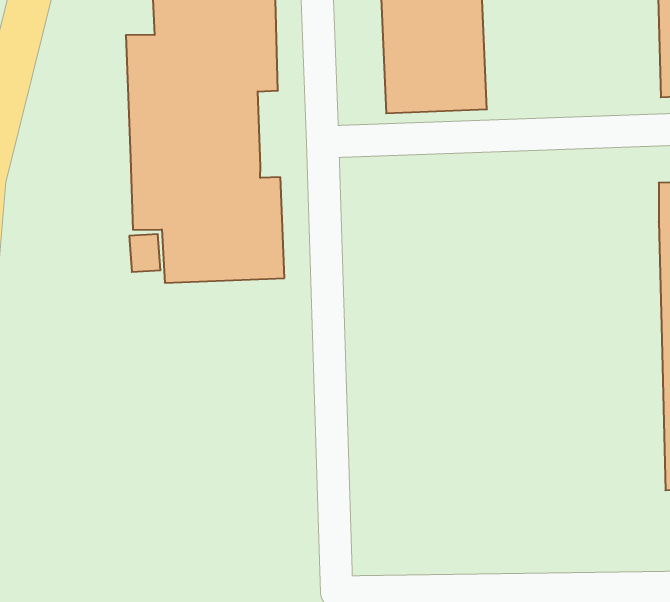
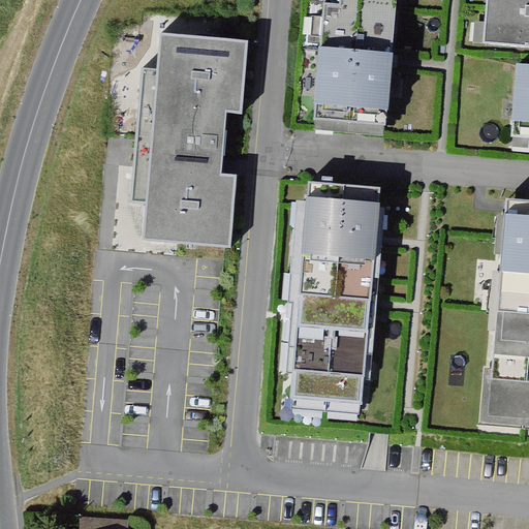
building: none -> [291,186,382,406]

